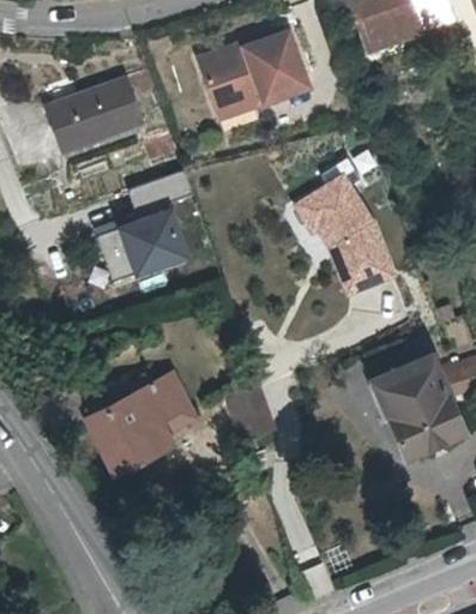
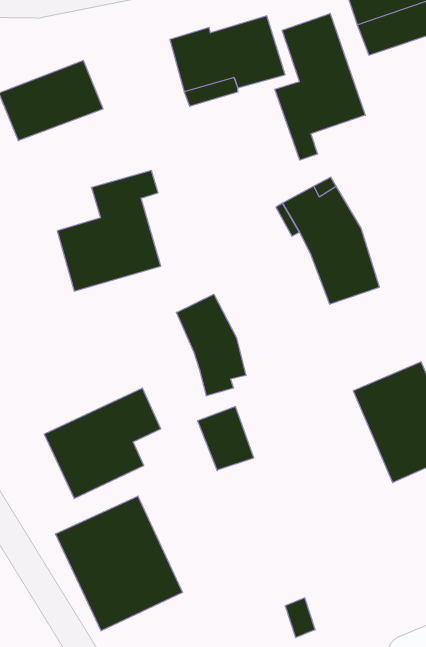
building: none -> [275,13,365,160]
building: none -> [176,294,246,396]
building: none -> [56,496,182,631]

